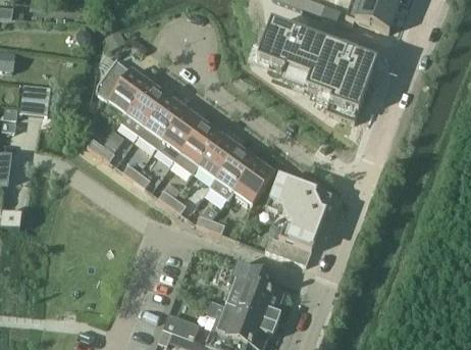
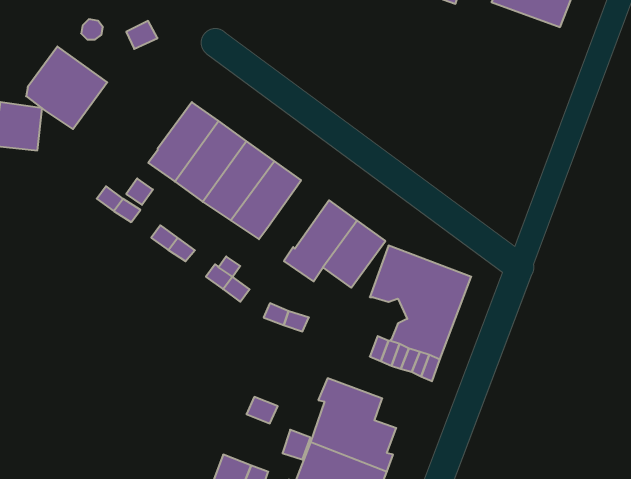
building: [255,22,376,123] -> none
building: [95,58,148,112] -> [26,46,107,129]
building: [197,133,238,178] -> none

